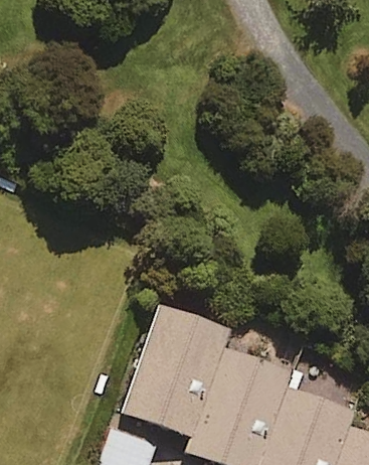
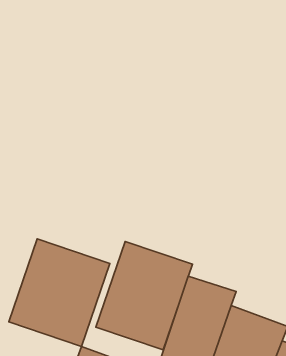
building: none -> [9,239,110,347]

